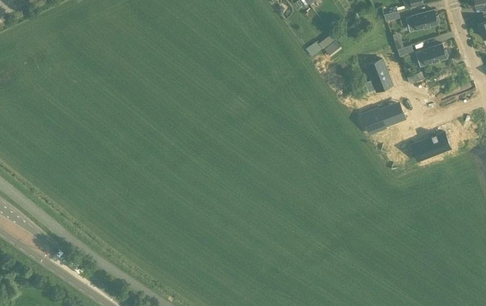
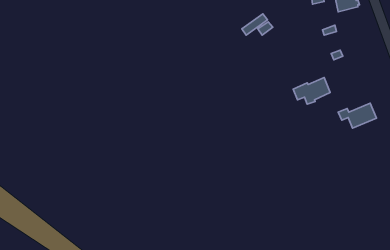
building: [414,42,447,66] -> none
building: [367,58,392,90] -> none

